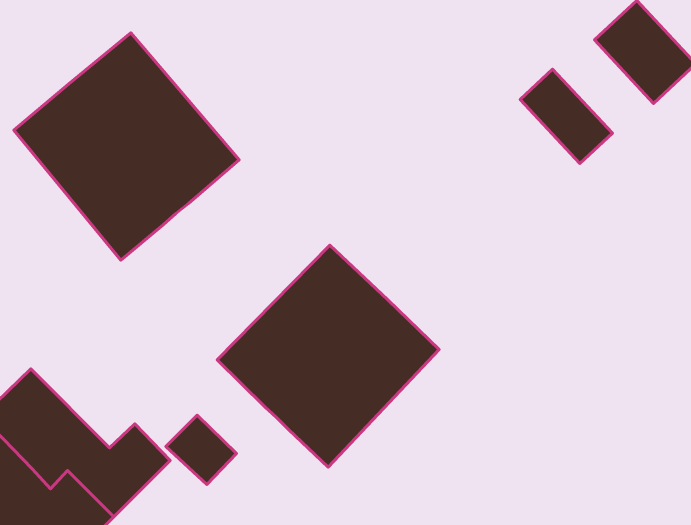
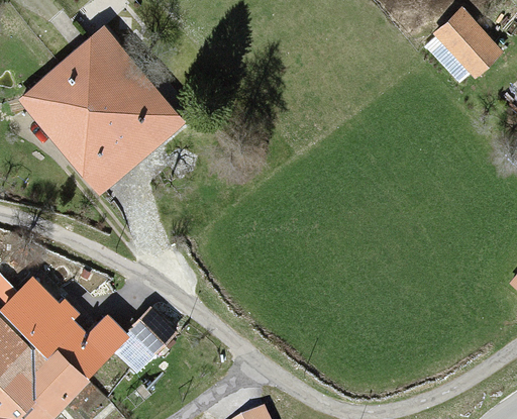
building: [520,69,612,164] -> none
building: [217,245,439,467] -> none

